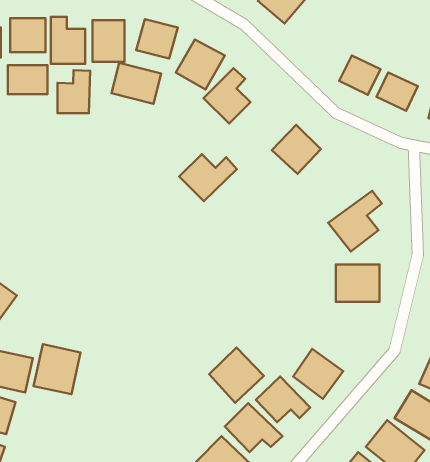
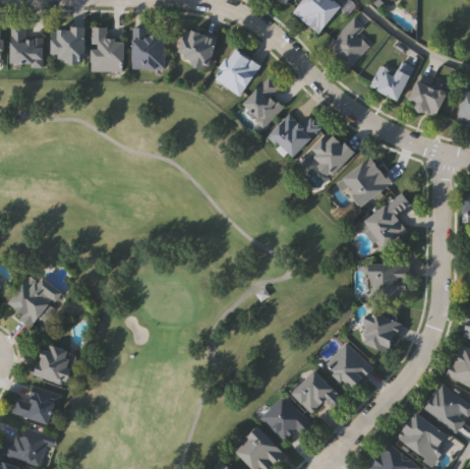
building: none -> [326,17,369,68]
building: [111,63,161,104] -> none
building: [8,65,48,94] -> none
building: [57,70,90,113] -> none
building: none -> [339,157,390,207]
building: [179,154,237,201] -> [267,113,321,158]
building: none -> [356,308,399,353]
building: [34,344,81,394] -> none
building: [209,347,264,403] -> none

